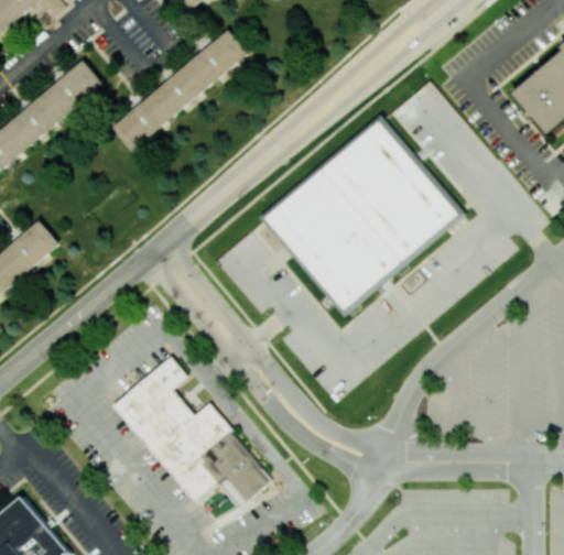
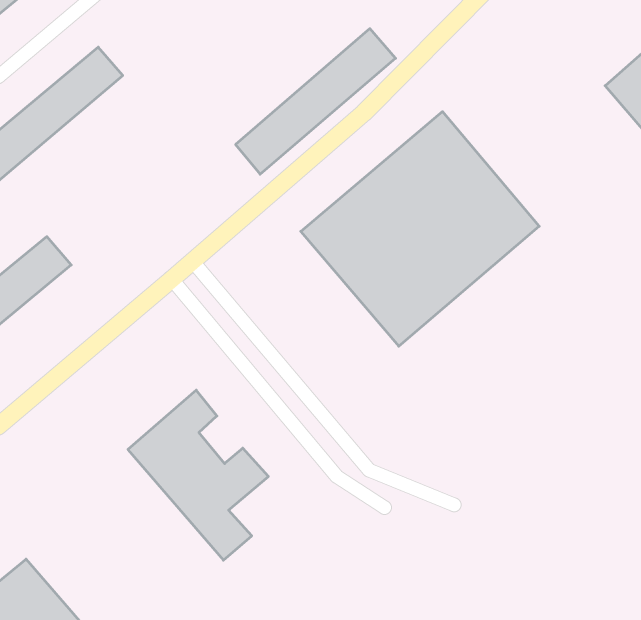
building: [116,28,252,152] -> [236,29,396,174]
building: [196,426,273,504] -> none

